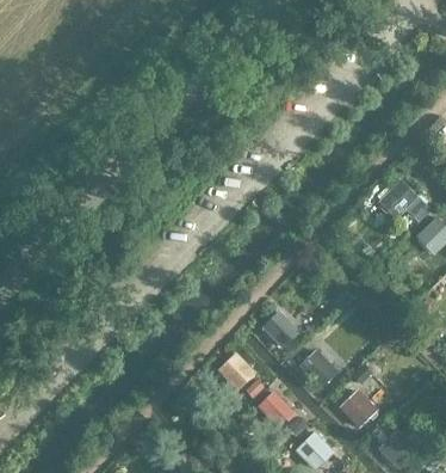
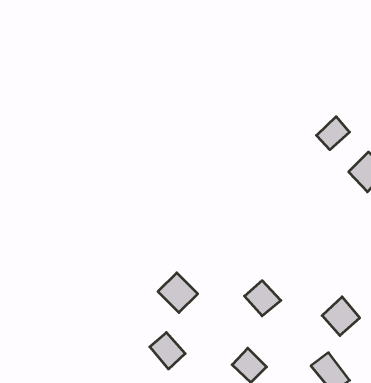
building: [264,308,303,349] -> none
building: [340,388,380,430] -> [322,297,360,336]
building: [259,389,297,429] -> [150,332,185,369]

